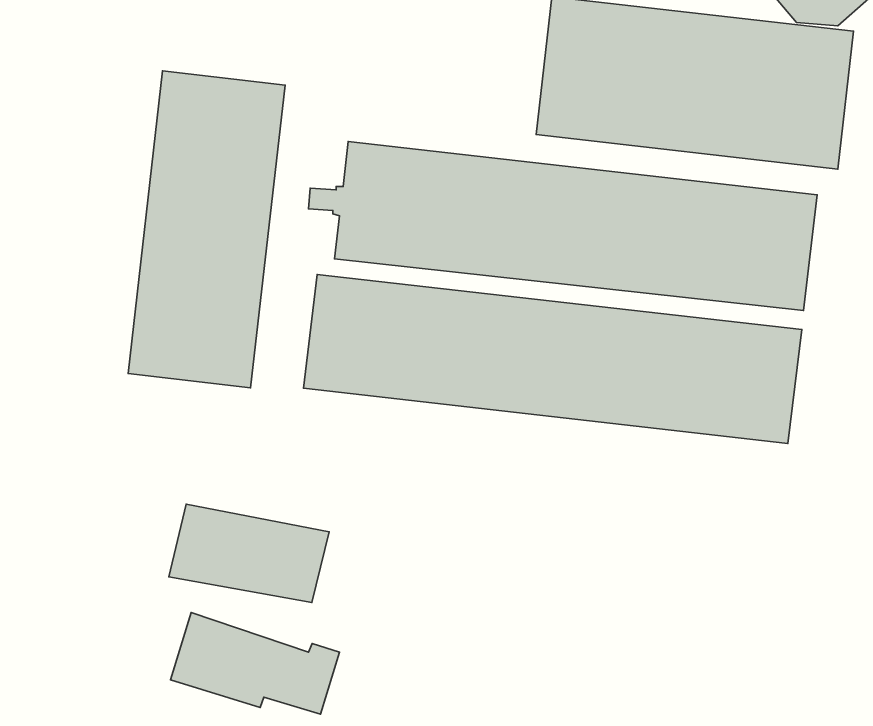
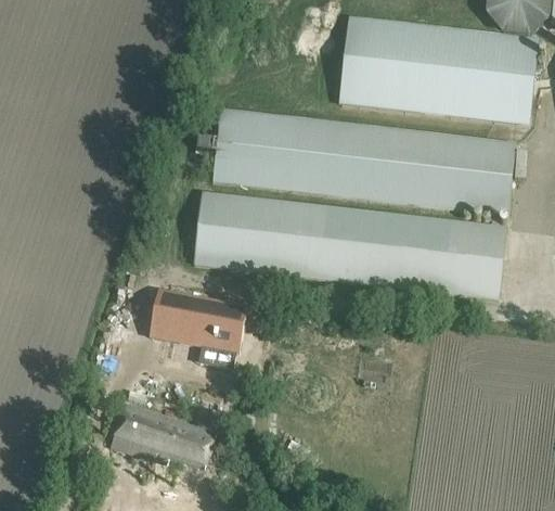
building: [128,71,285,388] -> none
building: [169,504,329,603] -> [145,286,246,348]

